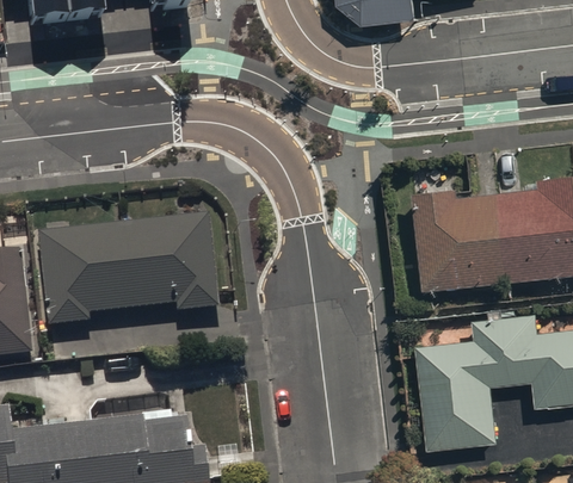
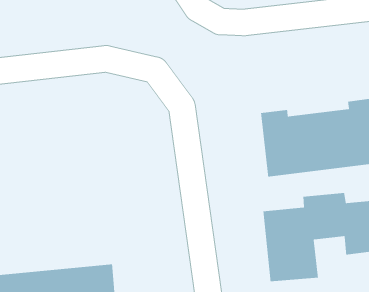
building: [33,219,215,332] -> none

